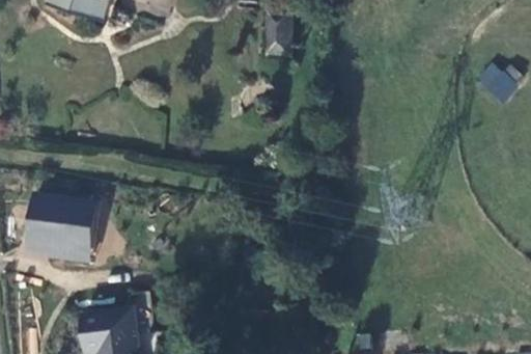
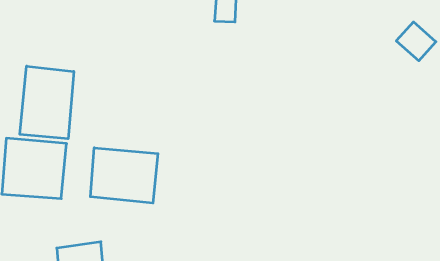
building: none -> [20,66,74,139]
building: none -> [90,148,158,203]

